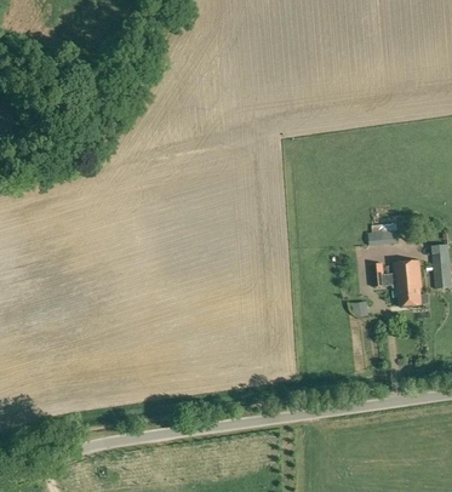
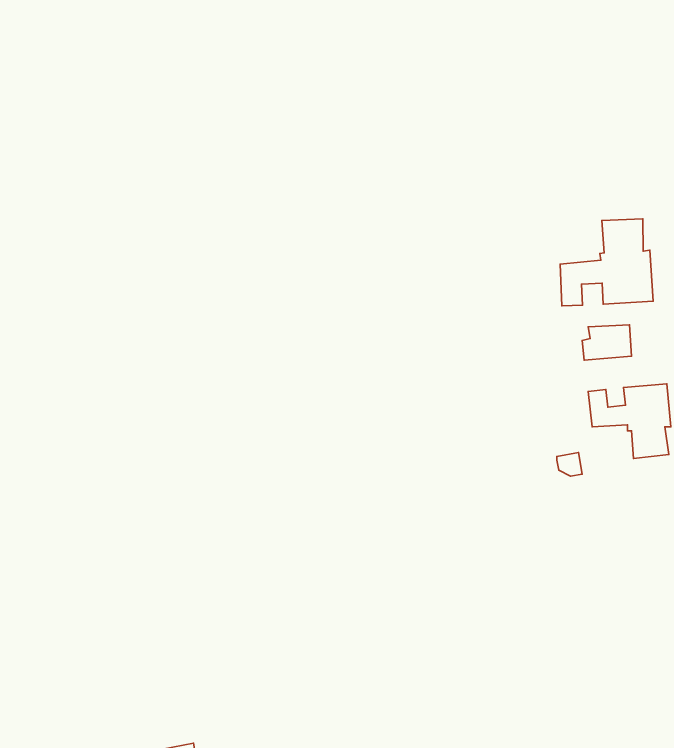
building: none -> [560,219,653,306]

